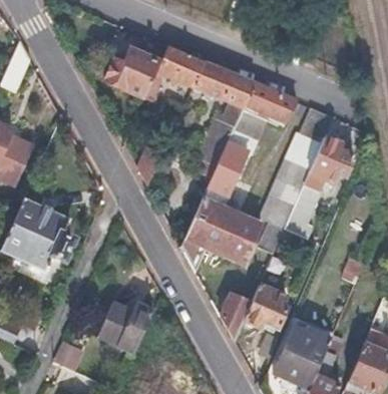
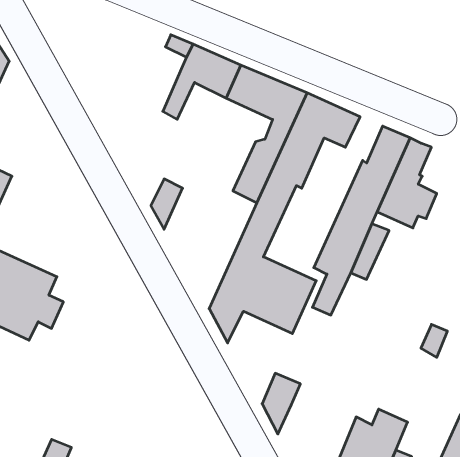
building: [106,50,160,96] -> none
building: [244,285,287,329] -> none
building: [95,305,148,352] -> none

